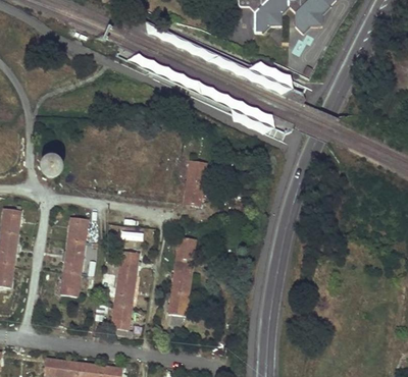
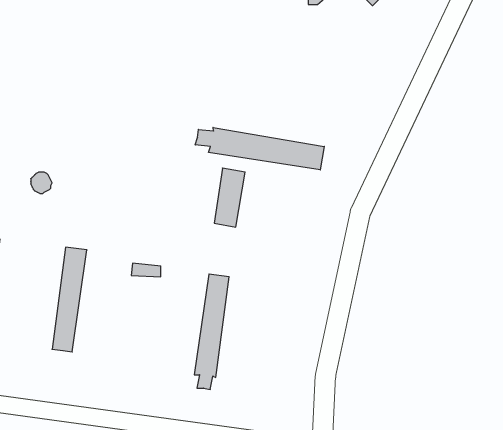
building: none -> [195,127,324,170]
building: [111,251,138,334] -> none

